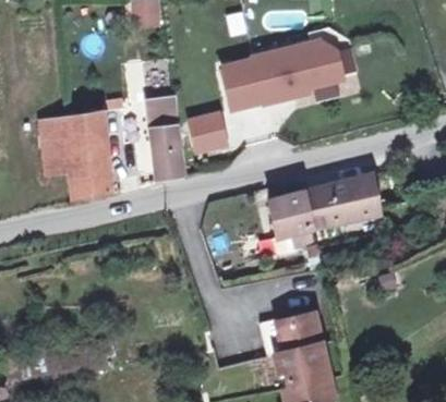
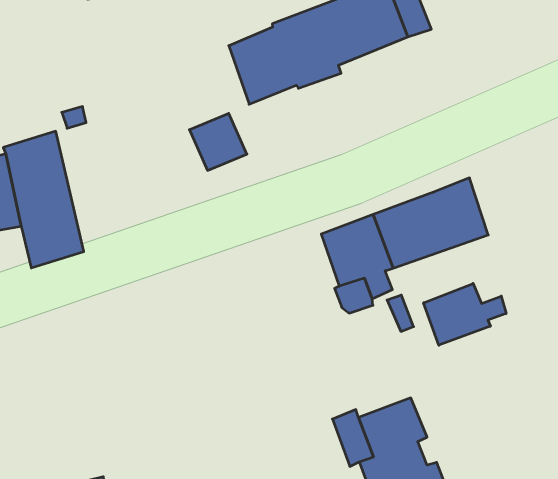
building: [146,98,183,181] -> none
building: none -> [424,283,506,345]

